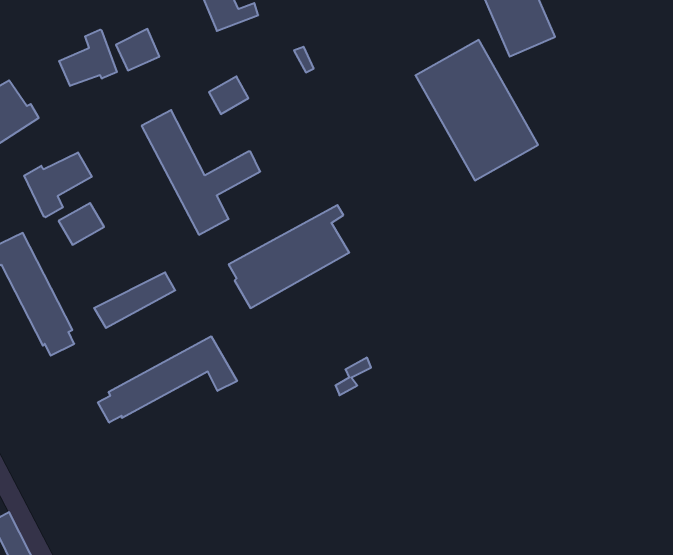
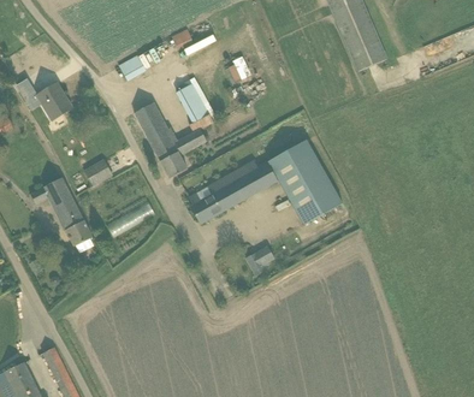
building: [59,30,117,86] -> none
building: [415,40,538,180] -> [268,138,343,224]
building: [24,152,92,217] -> none
building: [98,336,237,423] -> none

